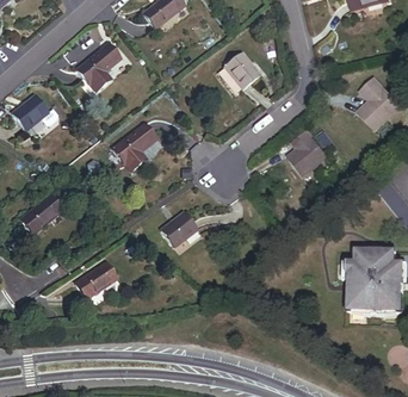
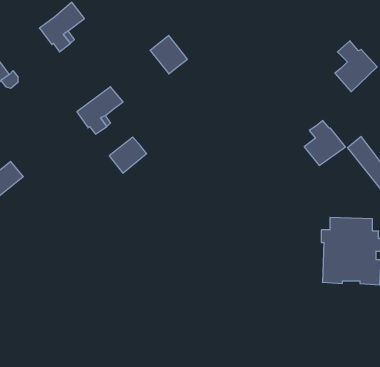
building: [224,51,260,88] -> [150,35,187,74]
building: [288,131,327,174] -> [304,121,345,165]
building: [161,212,197,247] -> [109,137,147,173]
building: [75,262,116,298] -> none

